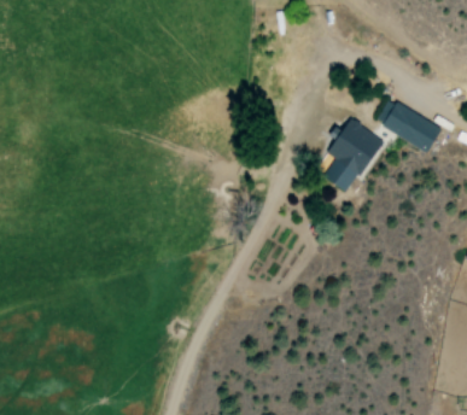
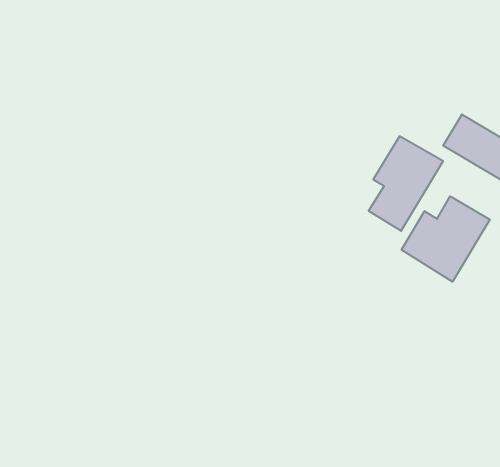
building: none -> [402,196,490,282]

